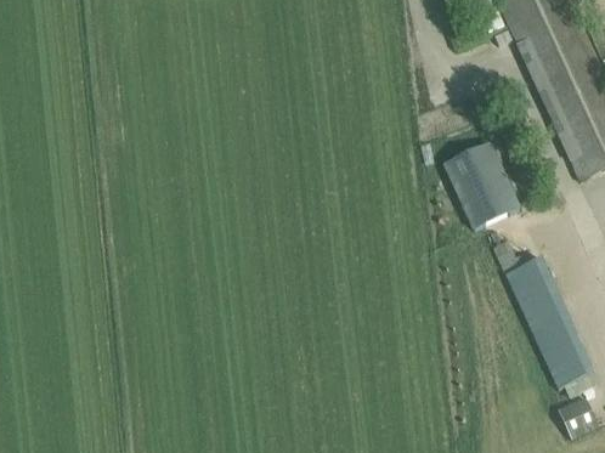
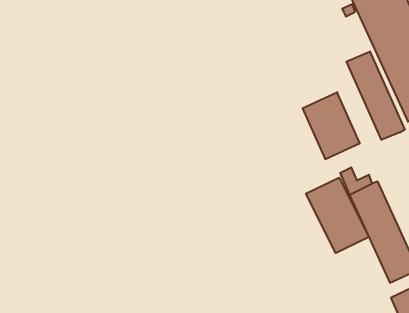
building: none -> [346,51,405,140]
building: none -> [306,178,369,253]

